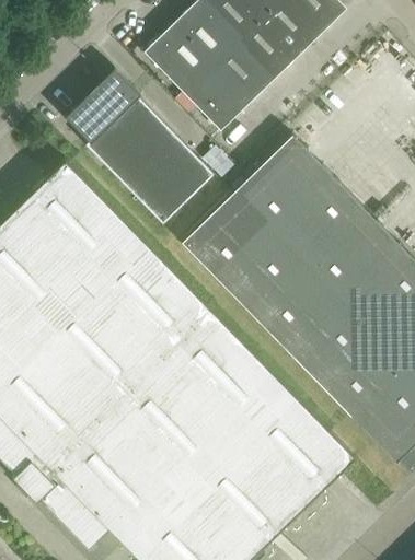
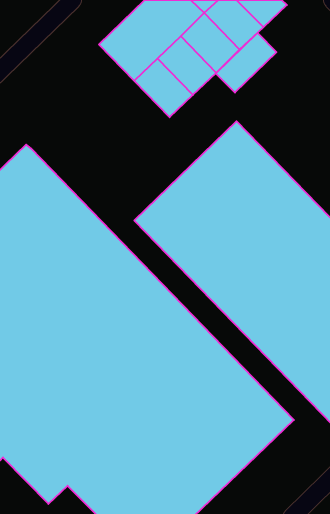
building: none -> [216,33,276,93]
building: [65,67,214,223] -> none

